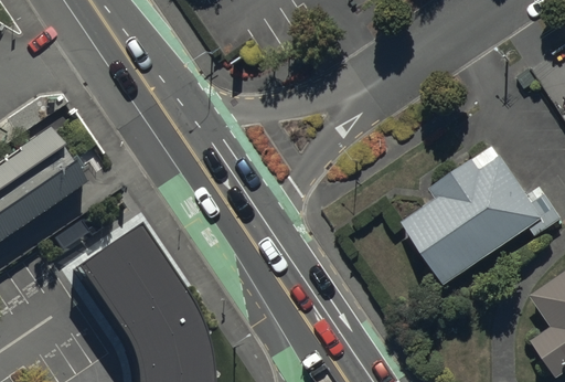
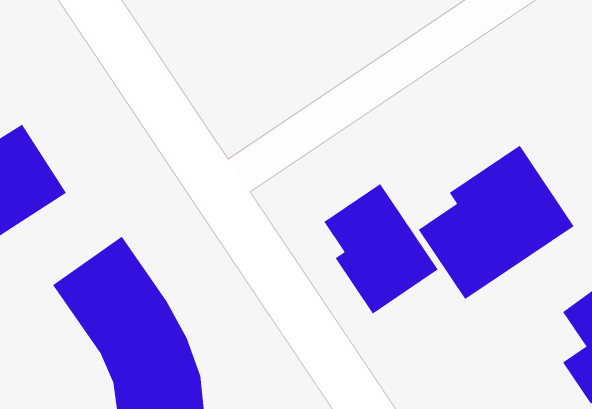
building: none -> [323,183,439,314]

